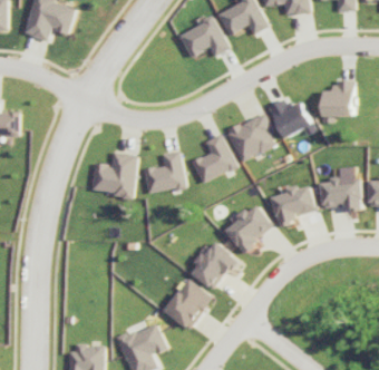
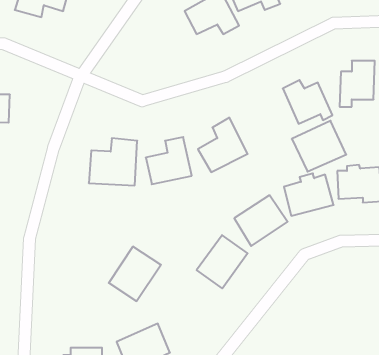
building: [227,115,278,162] -> [292,121,346,172]
building: [164,280,212,330] -> [109,247,161,301]

